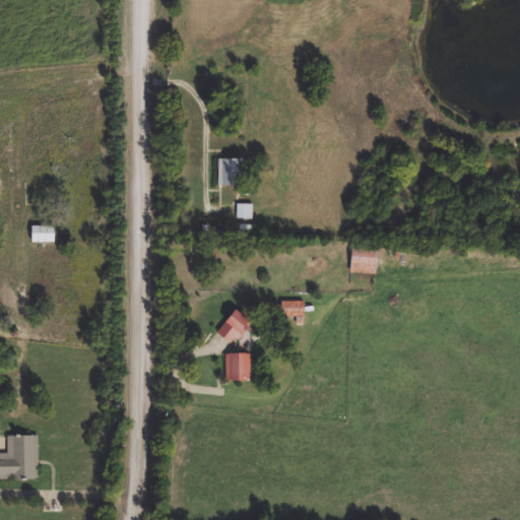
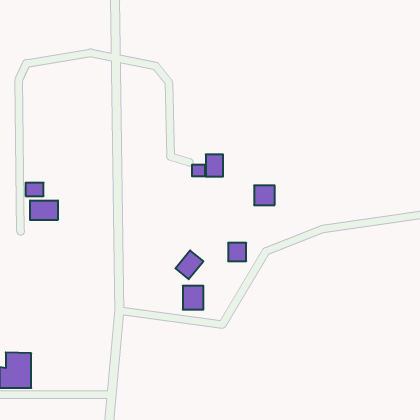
building: [217,157,239,185] -> [206,154,223,177]
building: none -> [30,200,58,220]
building: [350,248,376,272] -> [254,185,275,205]

